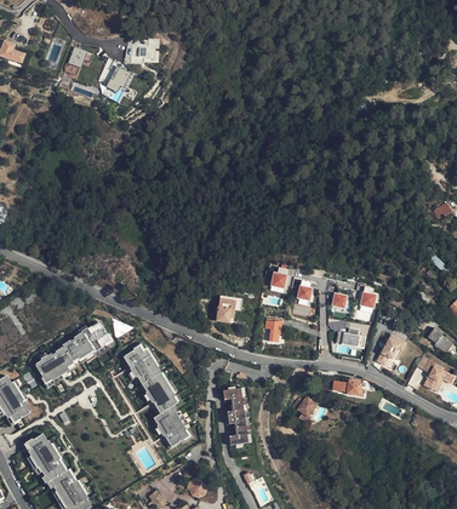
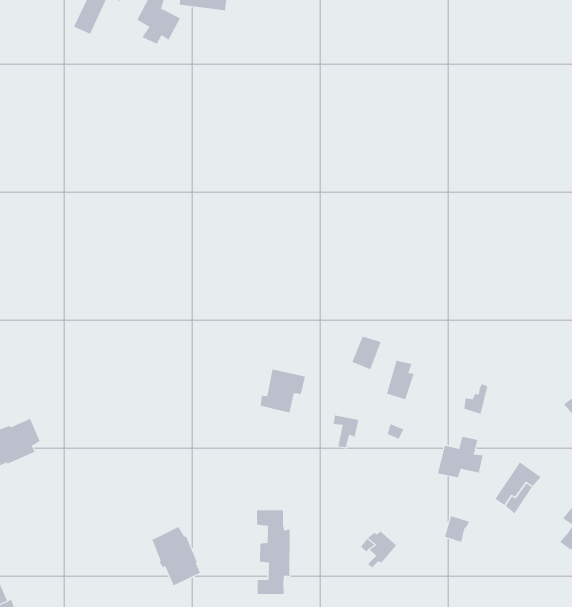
building: [62,321,109,360] -> none
building: [124,347,175,413] -> none

